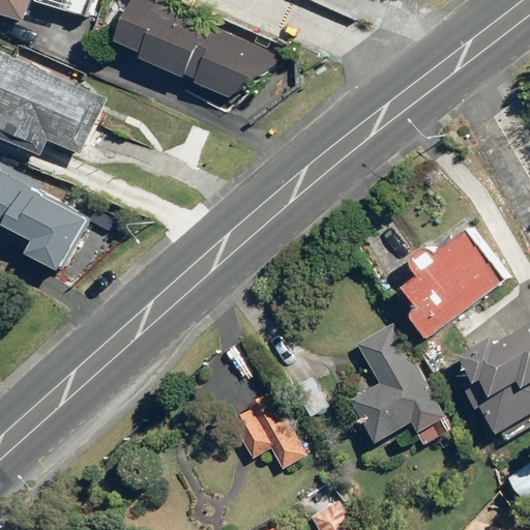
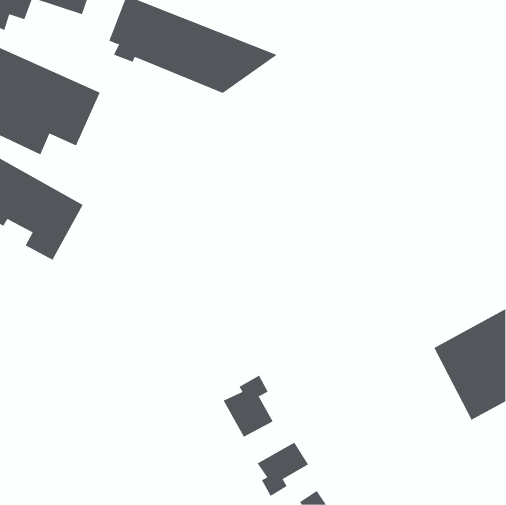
building: [402,233,500,337] -> none
building: [351,322,442,444] -> none
building: none -> [257,442,309,497]

